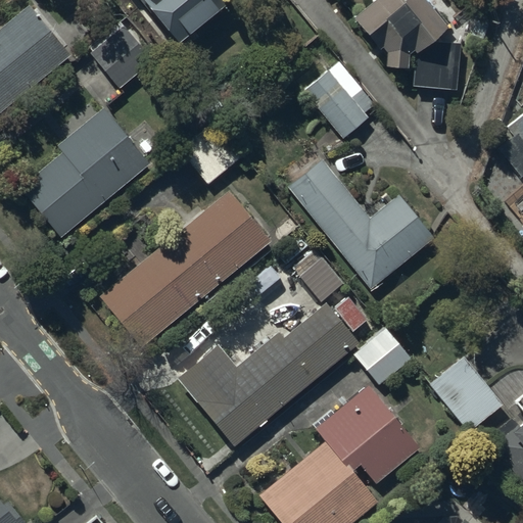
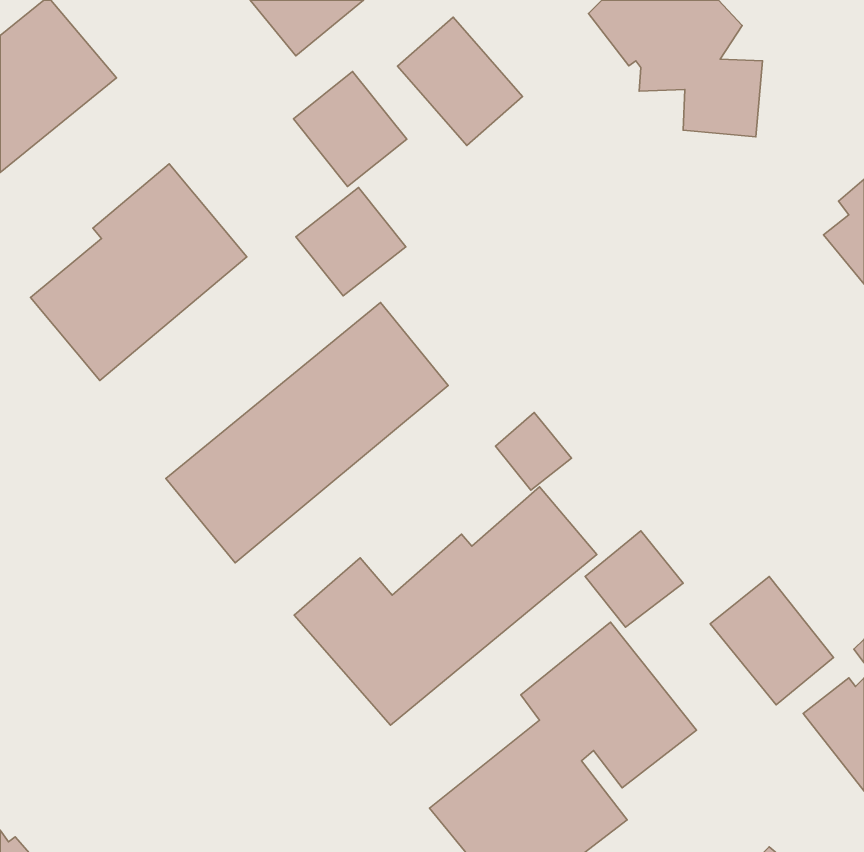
building: [87,21,155,91] -> [293,71,407,186]
building: [303,62,379,140] -> [397,17,523,146]
building: [286,158,435,290] -> none

